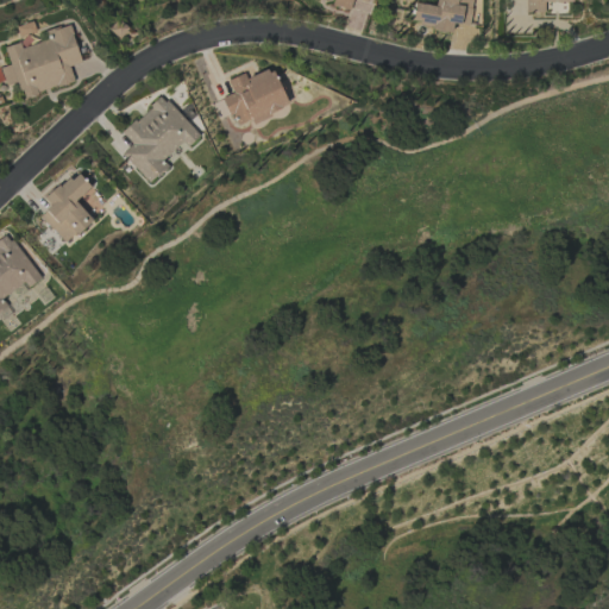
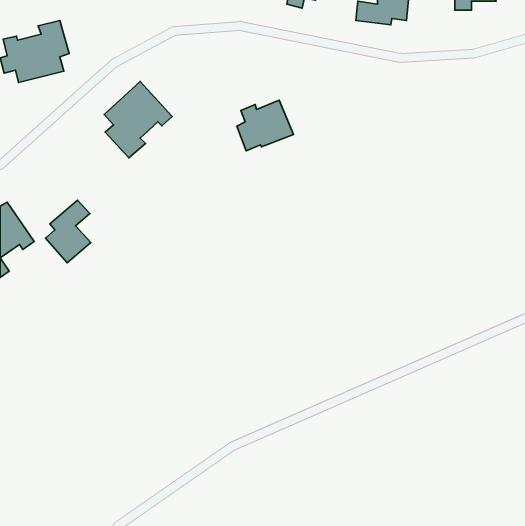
building: [225,67,290,125] -> [237,100,293,151]
building: [42,170,94,243] -> [46,200,91,263]

